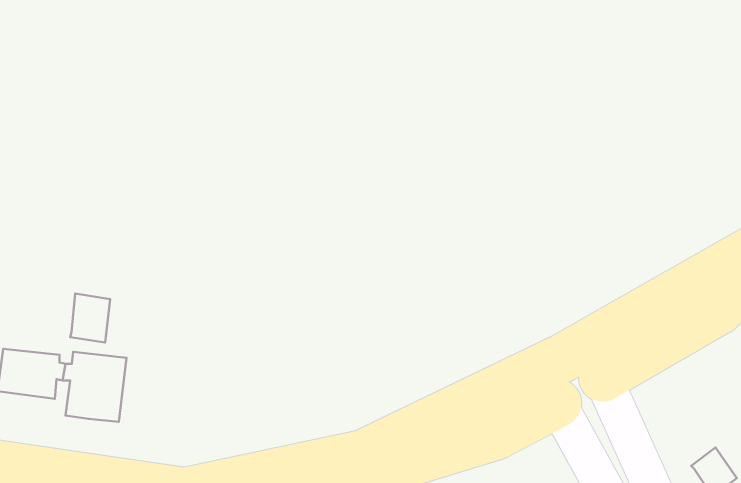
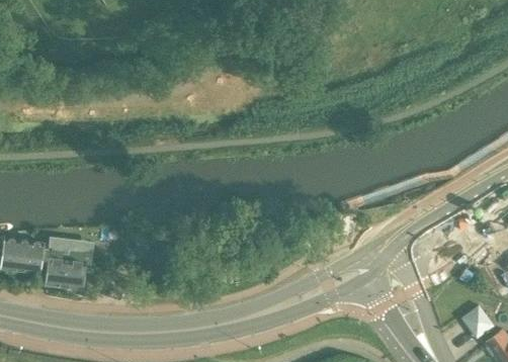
building: [70,294,110,342] -> none

